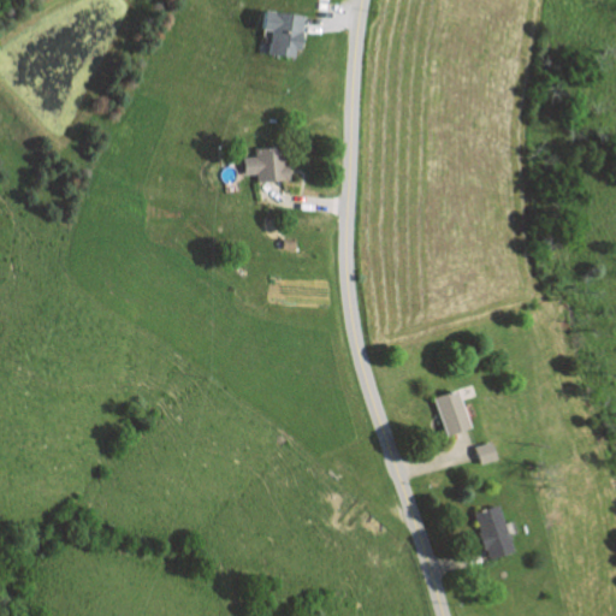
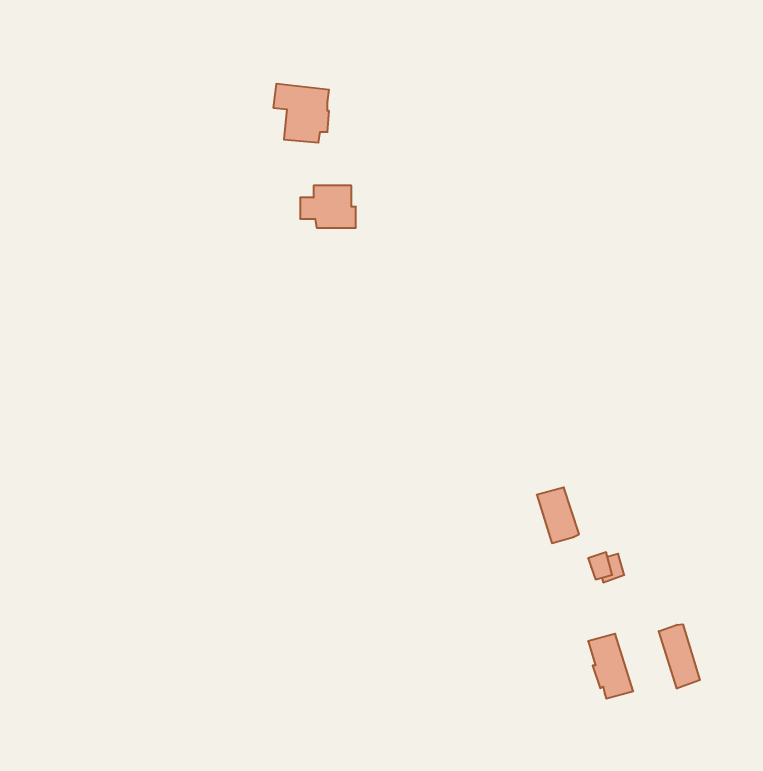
building: [261,11,306,58] -> [273,84,329,143]
building: none -> [659,624,700,689]

